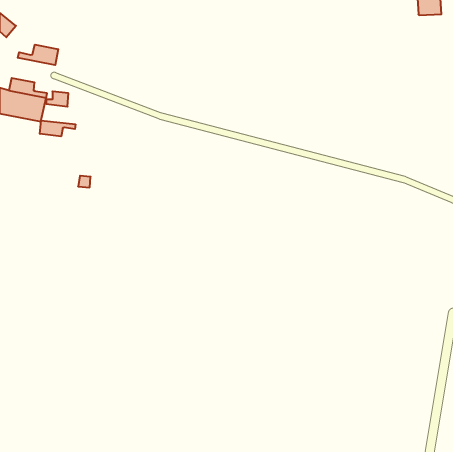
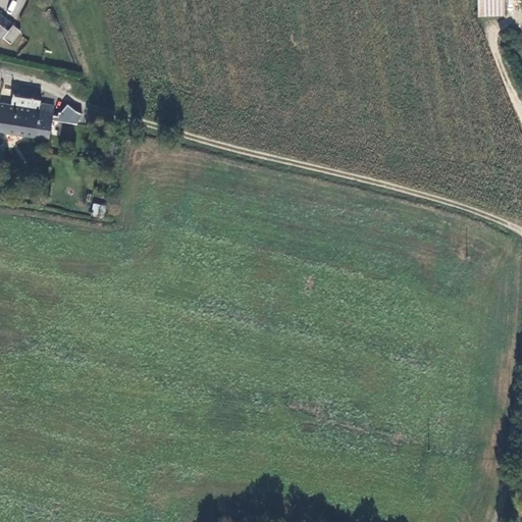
building: [18,45,58,65] -> none
building: [40,120,75,136] -> none

